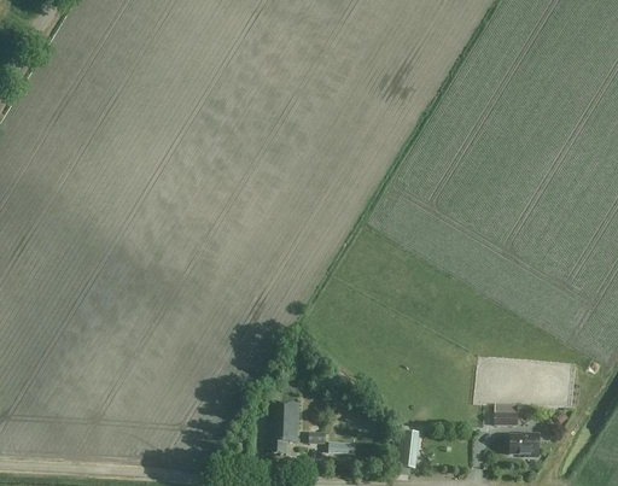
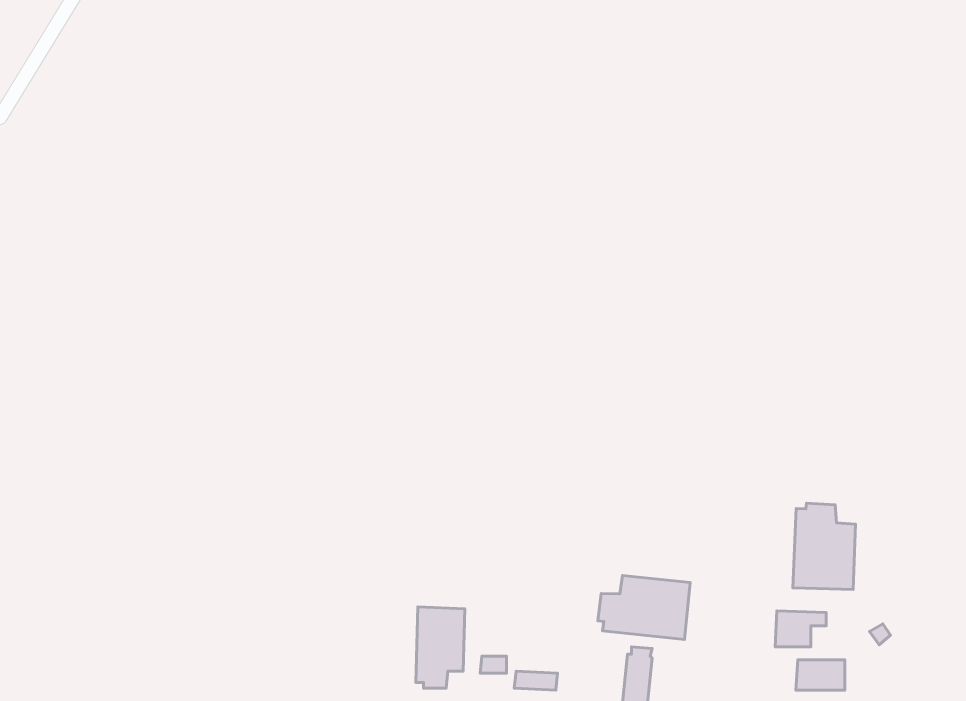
building: none -> [793,503,856,590]
building: none -> [598,576,690,640]

